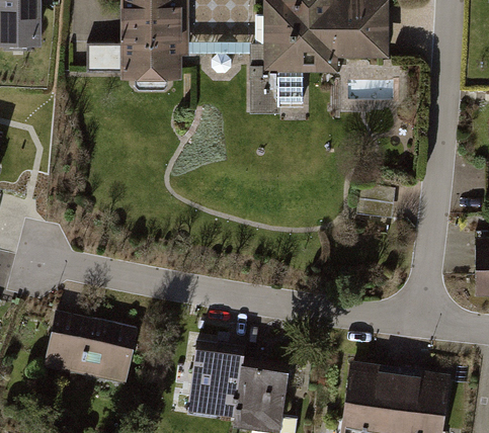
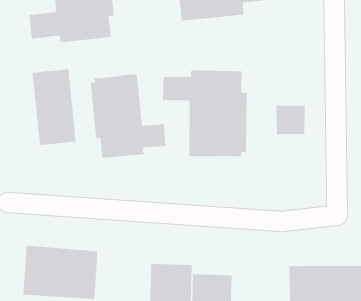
building: none -> [32,69,76,146]
building: none -> [90,74,166,158]
building: none -> [163,70,247,157]

